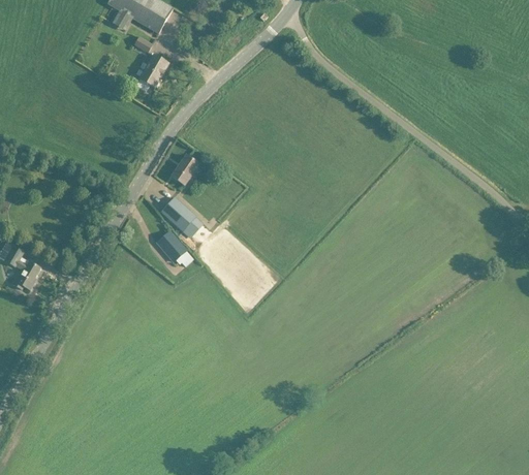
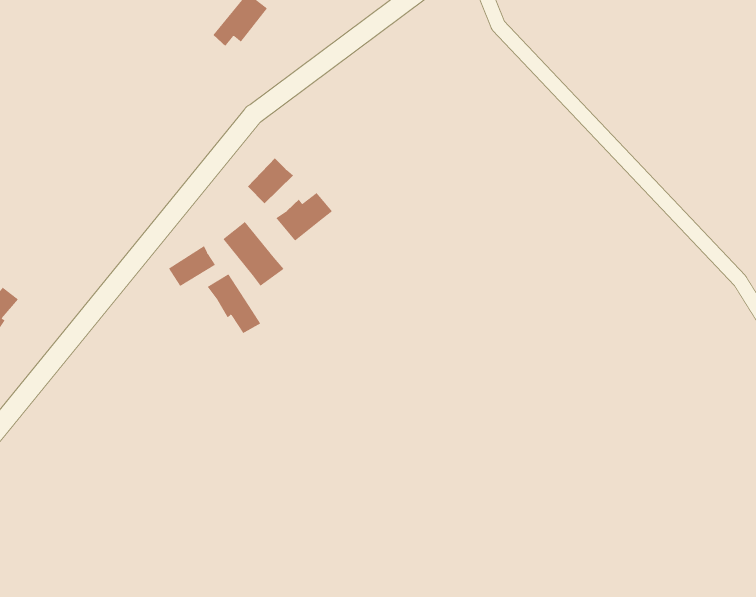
building: none -> [275,192,333,242]
building: none -> [168,245,216,287]

